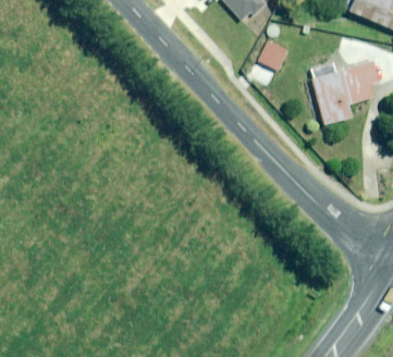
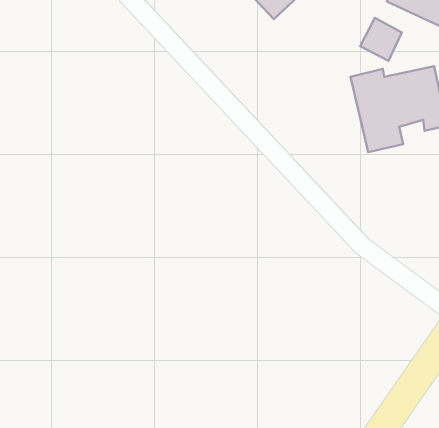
building: [255,37,288,72] -> [360,18,402,61]

